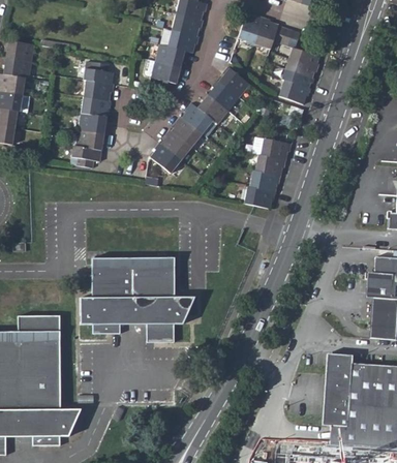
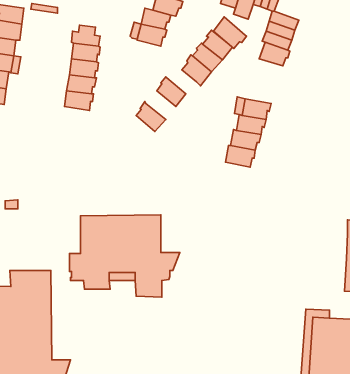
building: none -> [213,17,246,48]
building: [183,101,214,131] -> none
building: [161,127,192,158] -> none
building: [72,145,102,166] -> none

